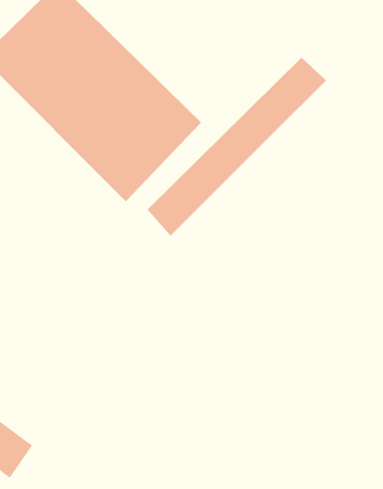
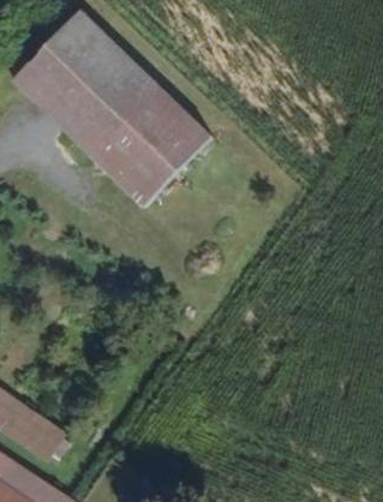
building: [147,57,327,237] -> none

